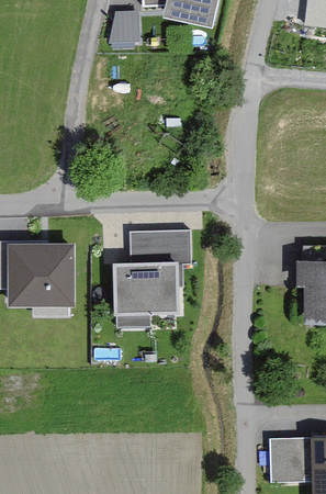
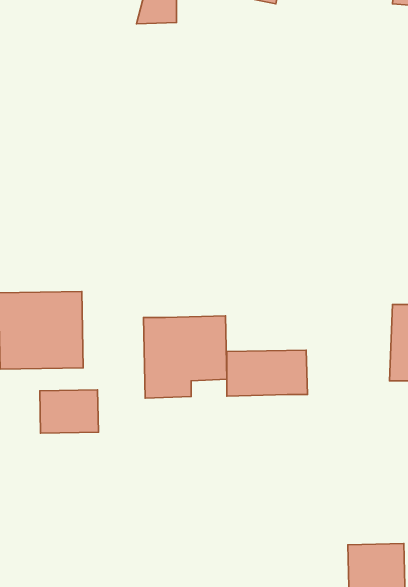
building: [132,229,193,265] -> [227,350,308,396]
building: none -> [40,390,98,433]

